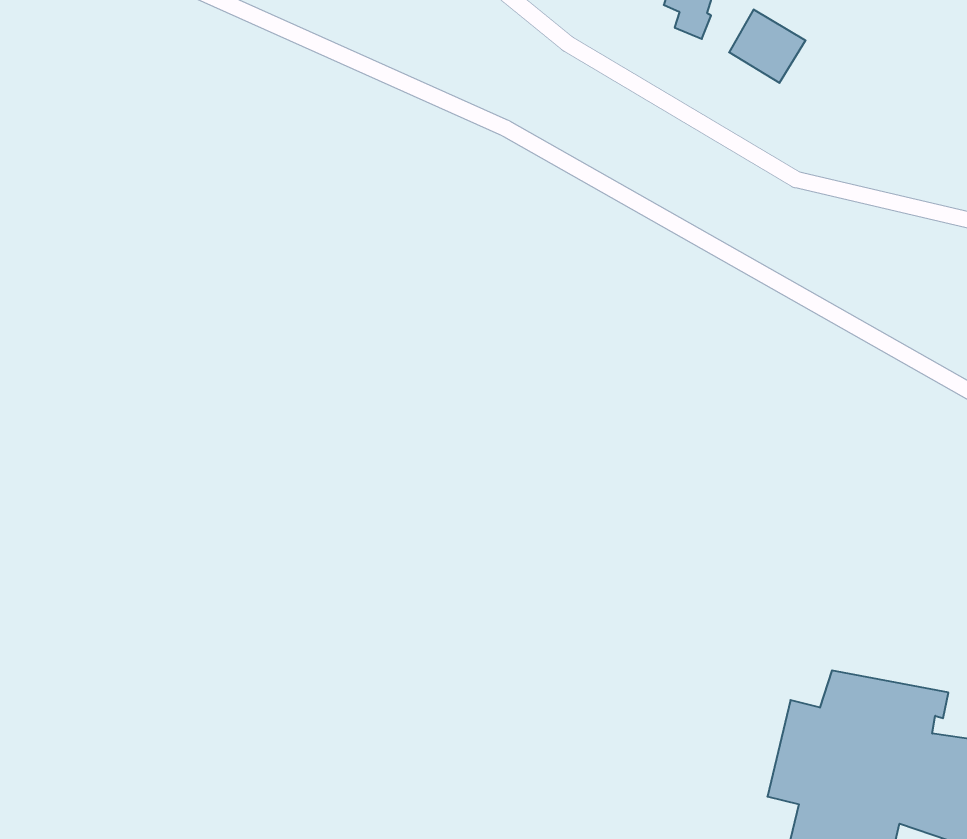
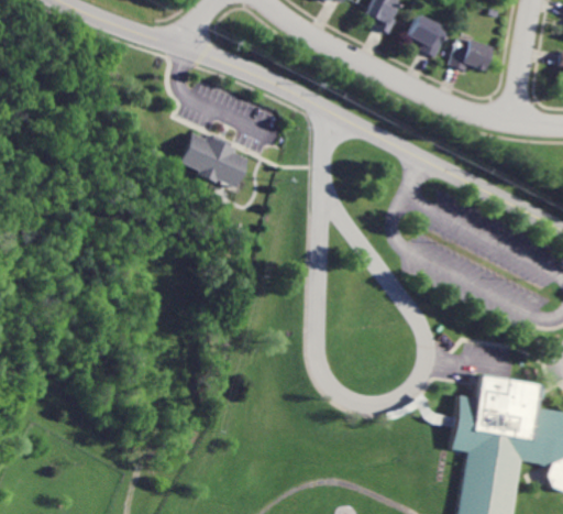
building: none -> [450,36,493,73]
building: none -> [181,131,250,188]

